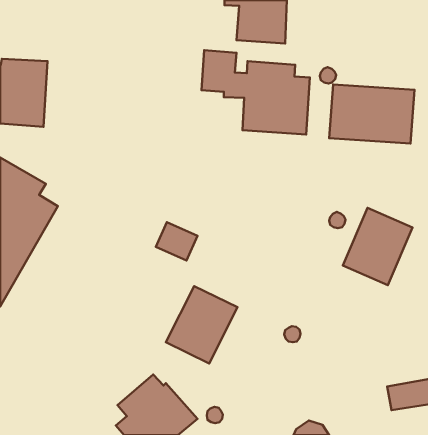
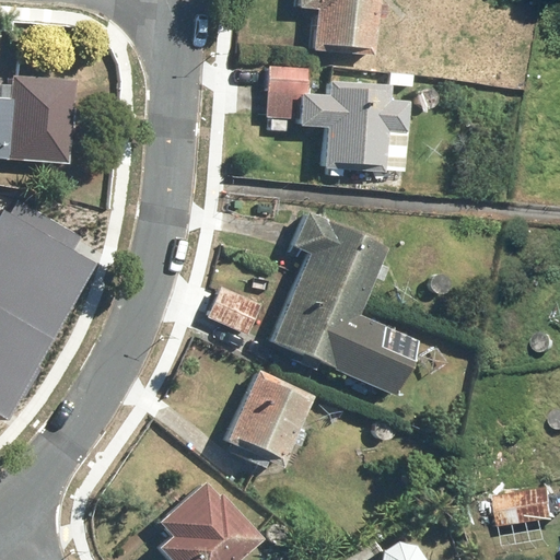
building: [329,84,415,143] -> none
building: none -> [269,210,410,392]
building: [343,208,412,285] -> none

